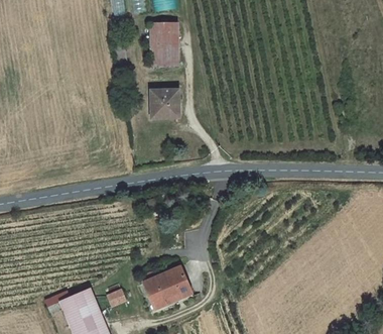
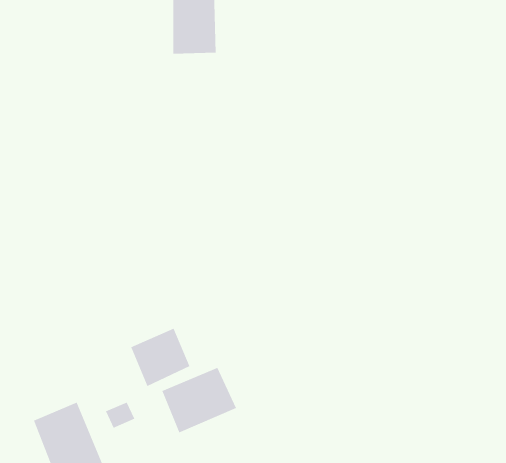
building: [150,89,179,118] -> none
building: none -> [130,328,190,387]

